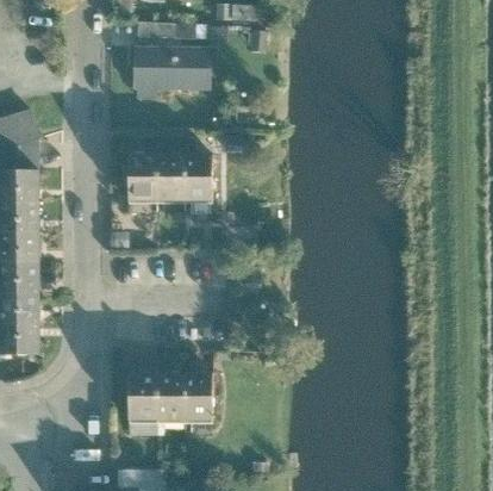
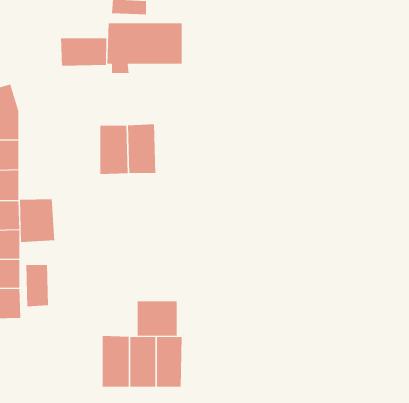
building: none -> [61,38,107,67]
building: [179,151,208,203] -> none
building: none -> [19,198,55,243]
building: none -> [26,264,48,307]
building: none -> [137,301,177,337]

